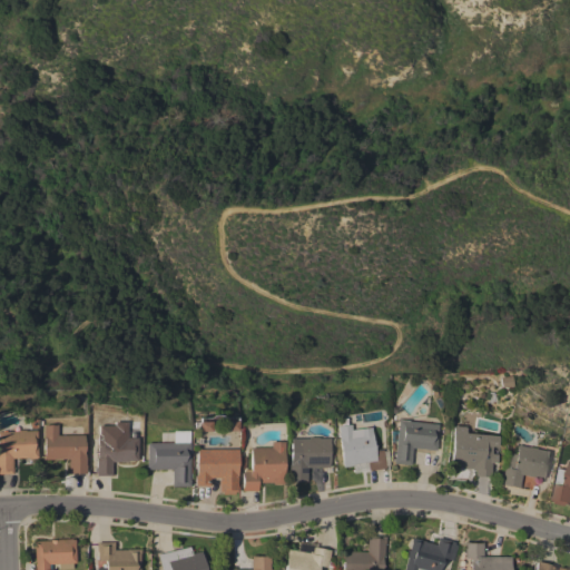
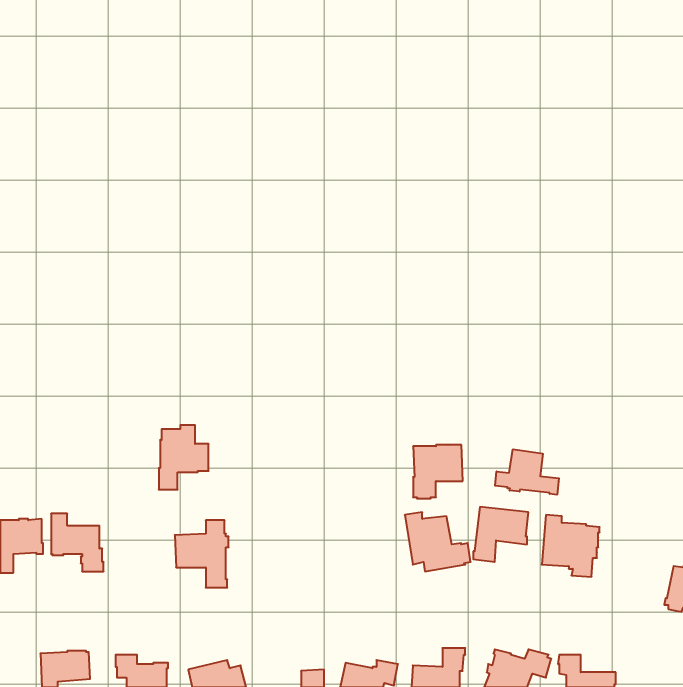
building: none -> [495,449,559,495]
building: [98,422,139,475] -> [159,425,209,490]
building: [291,438,332,482] -> [413,445,463,499]
building: [244,442,285,491] -> none
building: [503,444,552,488] -> none
building: [196,449,239,494] -> none

